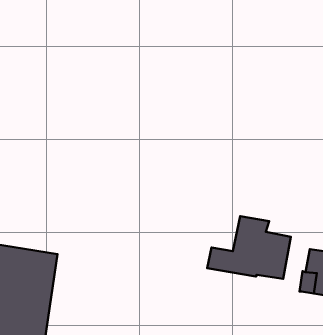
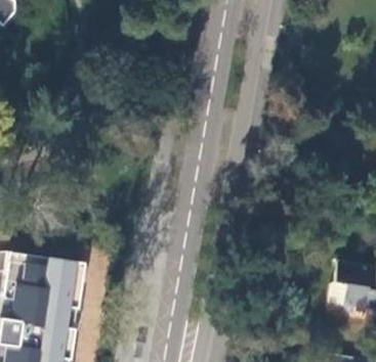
building: [207,216,291,279] -> none

